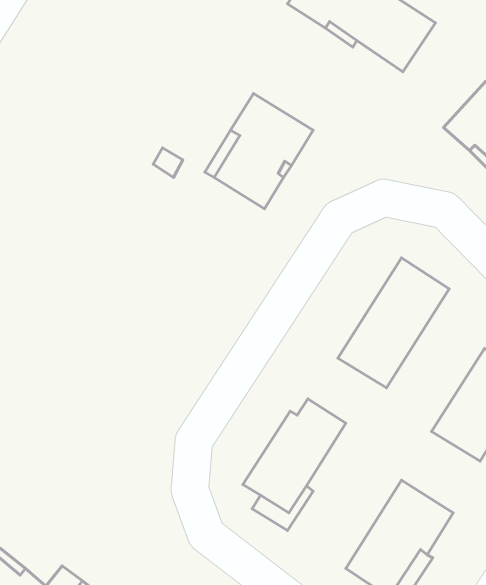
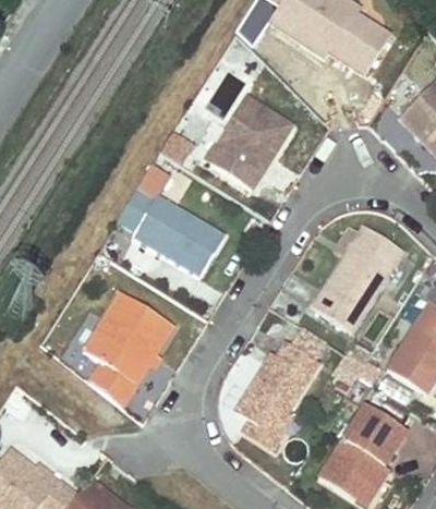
building: none -> [121,189,225,275]
building: none -> [84,289,174,403]

